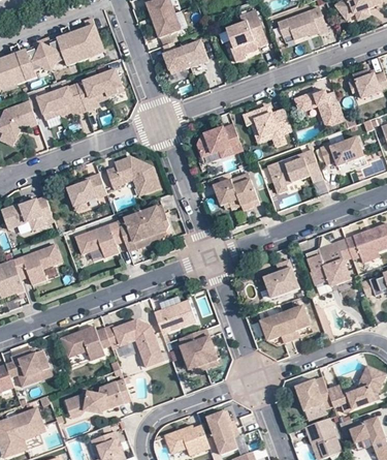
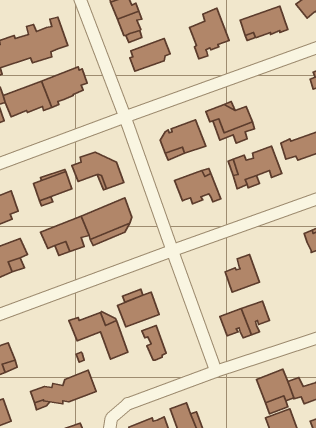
building: [294,90,344,127] -> none
building: [302,238,350,285] -> none
building: [61,326,109,367] -> none
building: [192,328,217,362] -> none

